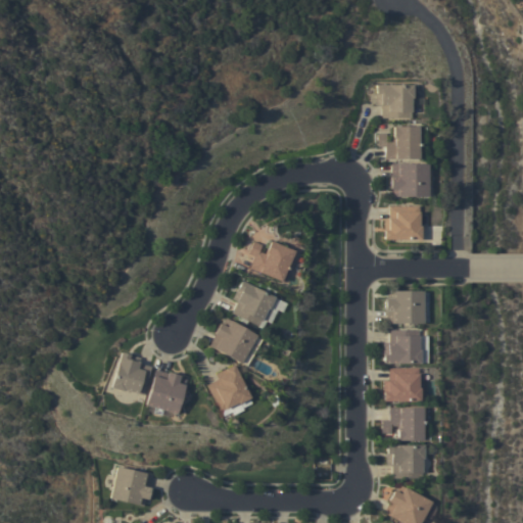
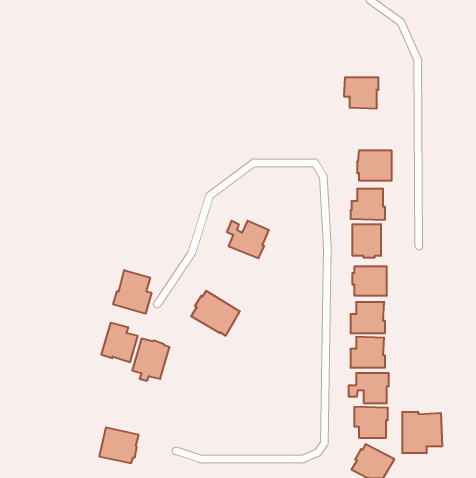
building: [380,126,423,159] -> none
building: none -> [353,224,381,258]
building: [234,281,277,327] -> none
building: none -> [113,270,151,314]
building: [208,365,252,412] -> none
building: none -> [402,412,442,453]

